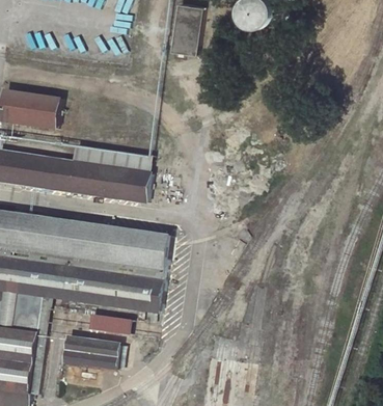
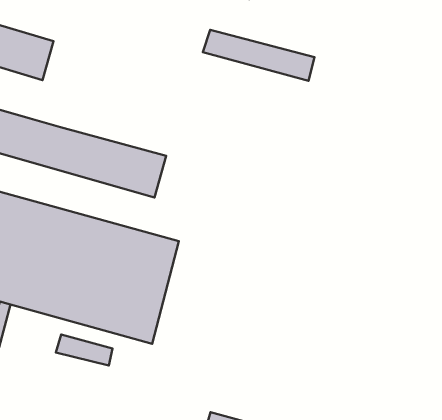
building: [70,145,151,172] -> [203,30,315,81]
building: [61,335,119,367] -> none

